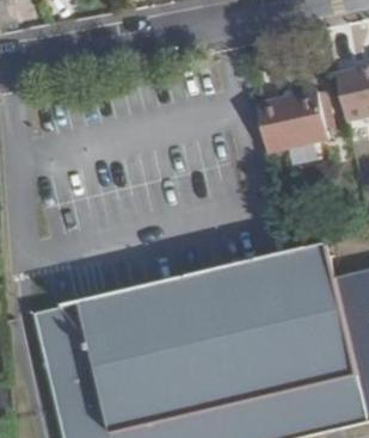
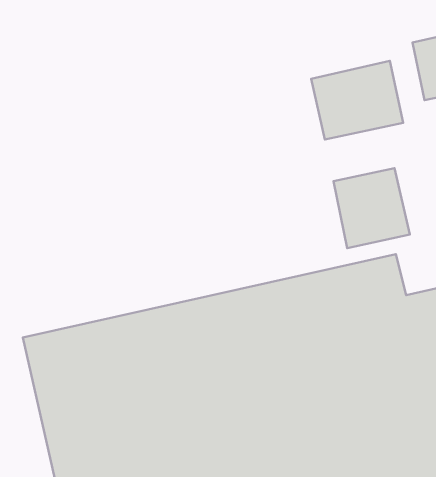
building: none -> [333,168,410,248]

